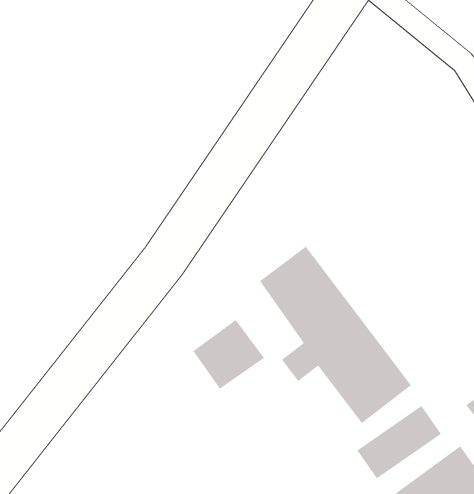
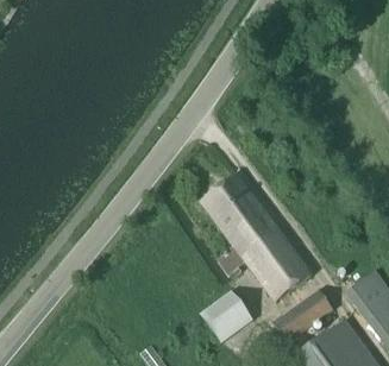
building: [193,319,265,390] -> [200,290,251,340]

